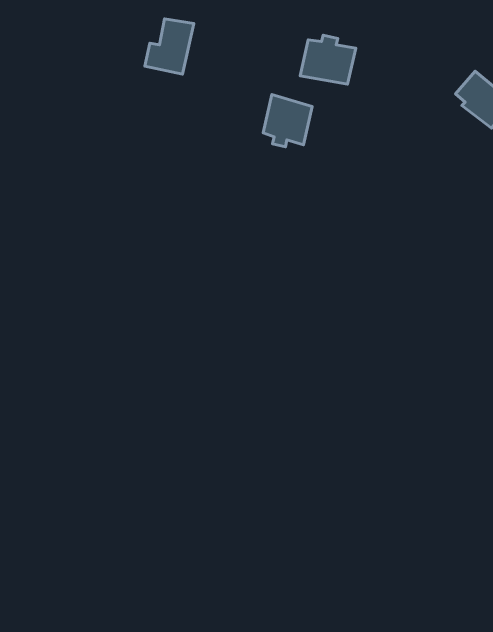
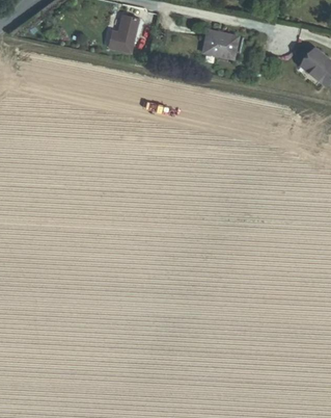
building: [263,94,312,147] -> none

